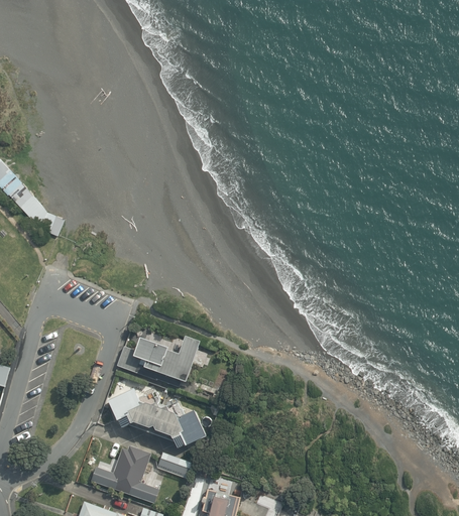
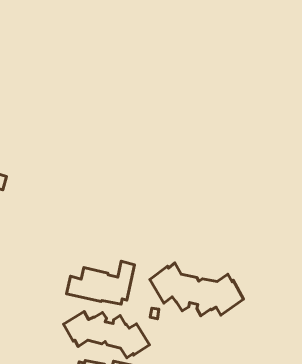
building: none -> [150,263,244,316]

